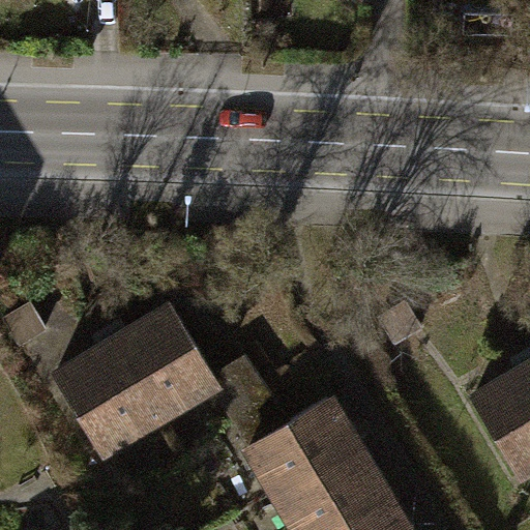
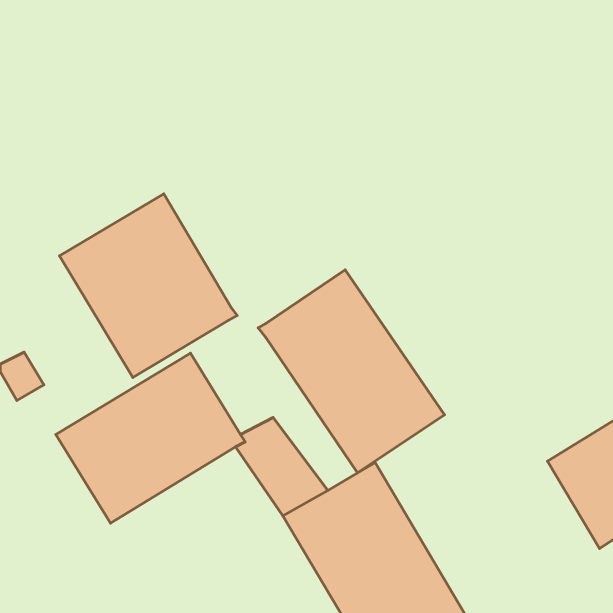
building: none -> [59,194,237,377]
building: none -> [258,270,444,473]

